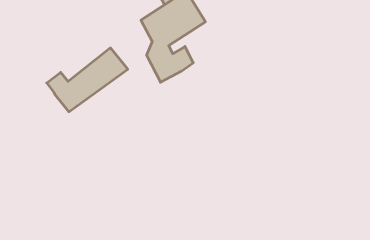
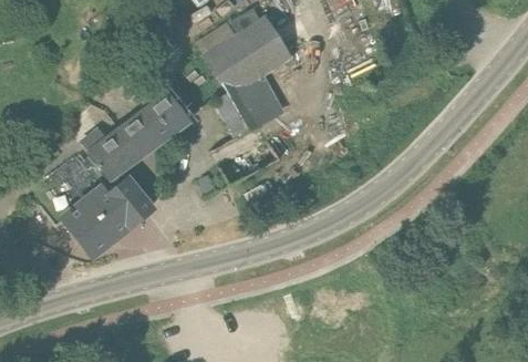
building: none -> [34,155,152,252]

